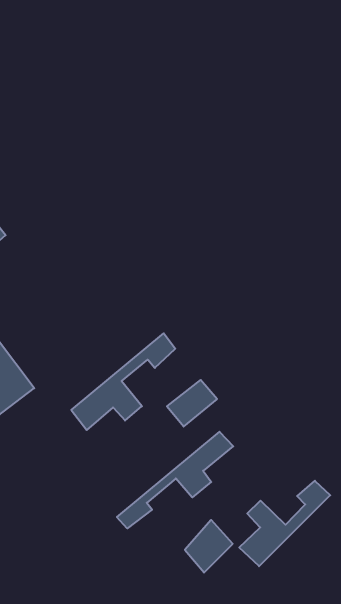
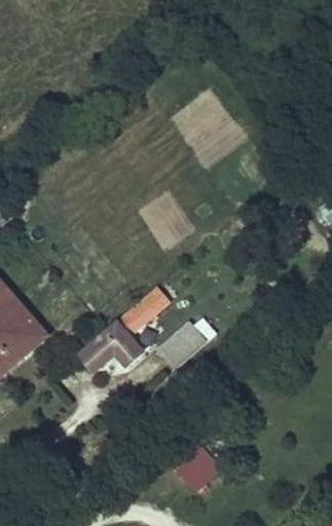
building: [117,432,233,528] -> none
building: [239,481,330,566] -> none

